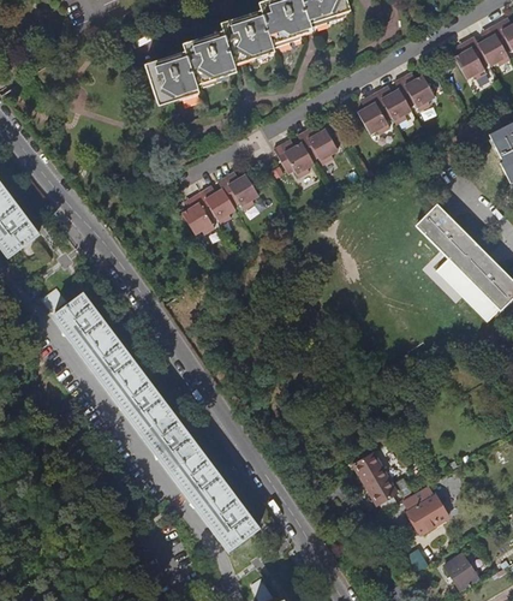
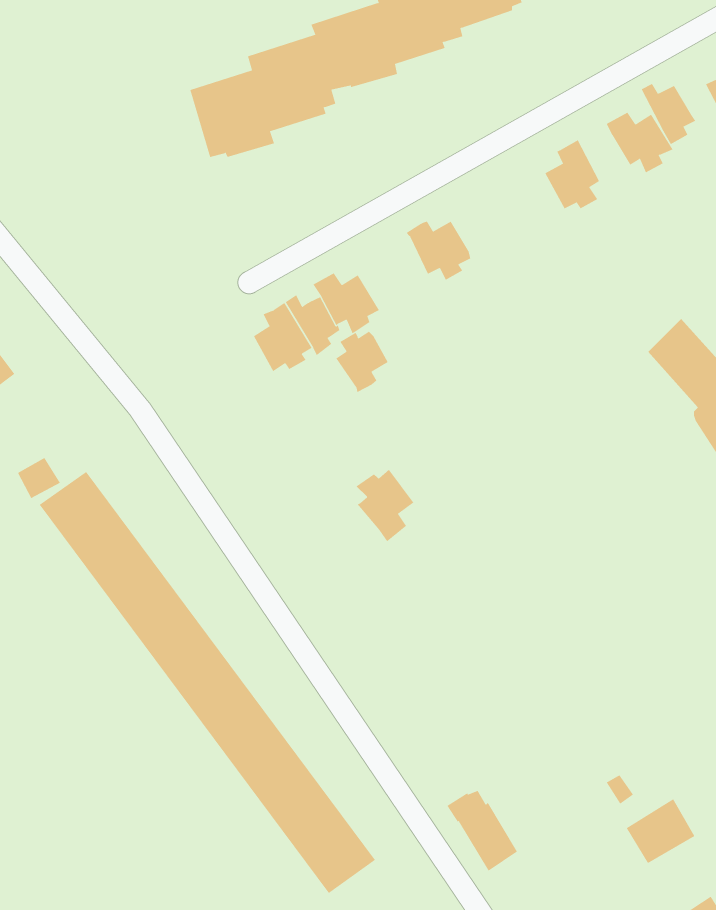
building: [380,90,413,127] -> [641,83,696,145]
building: [302,130,339,166] -> none
building: none -> [335,331,388,393]
building: none -> [356,469,414,542]
building: [354,456,398,505] -> [446,790,518,871]

